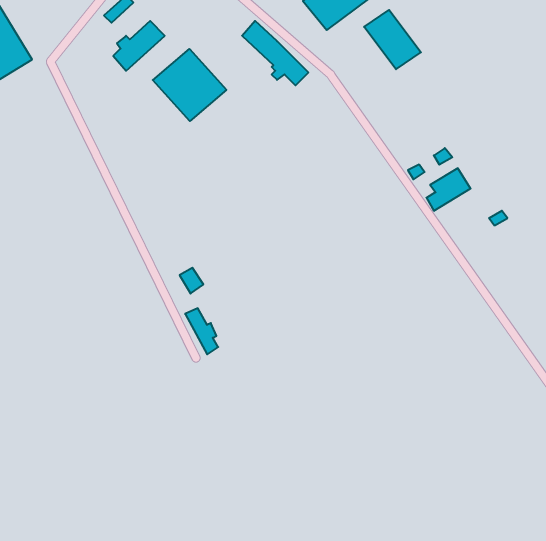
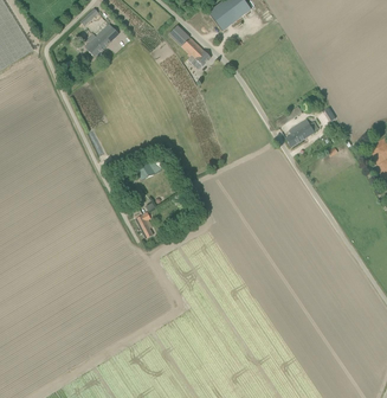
building: [364,10,421,69] -> none
building: [153,49,226,121] -> none

